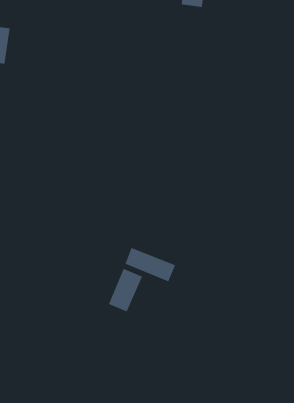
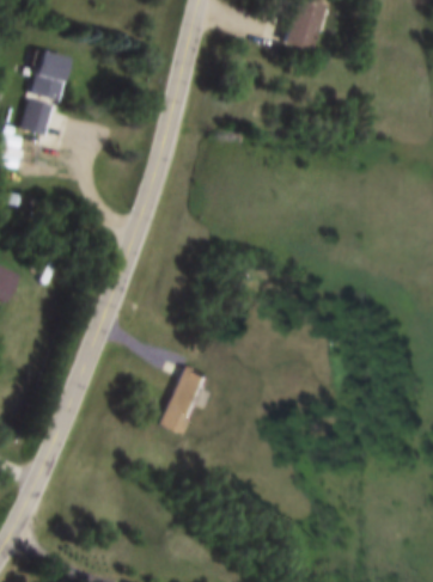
building: [125,247,176,282] -> none

